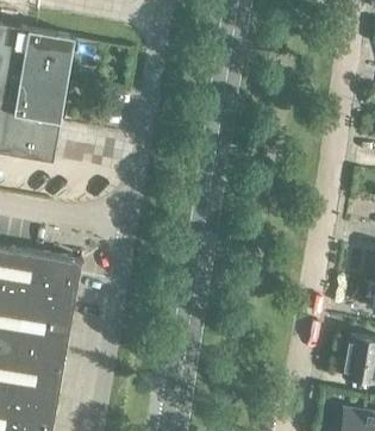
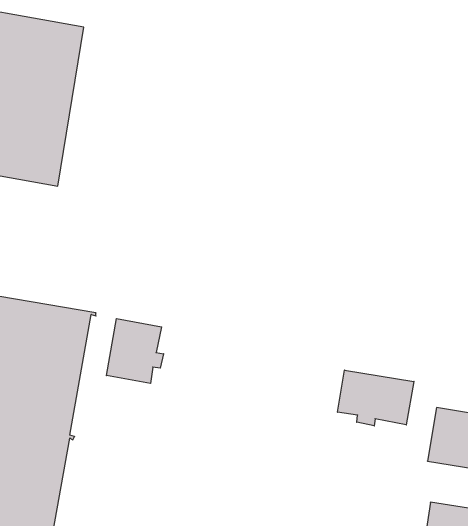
building: none -> [106,319,164,383]
building: none -> [338,370,414,426]

